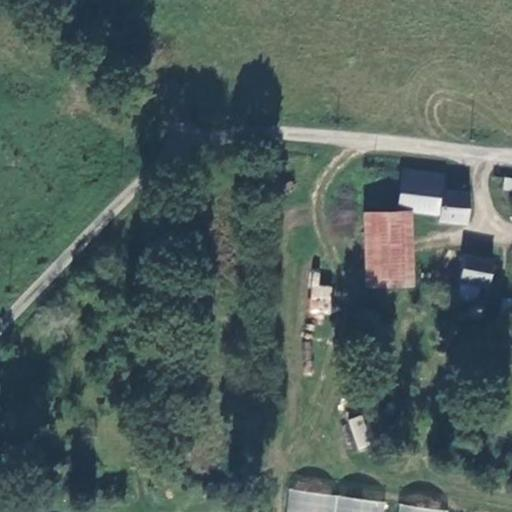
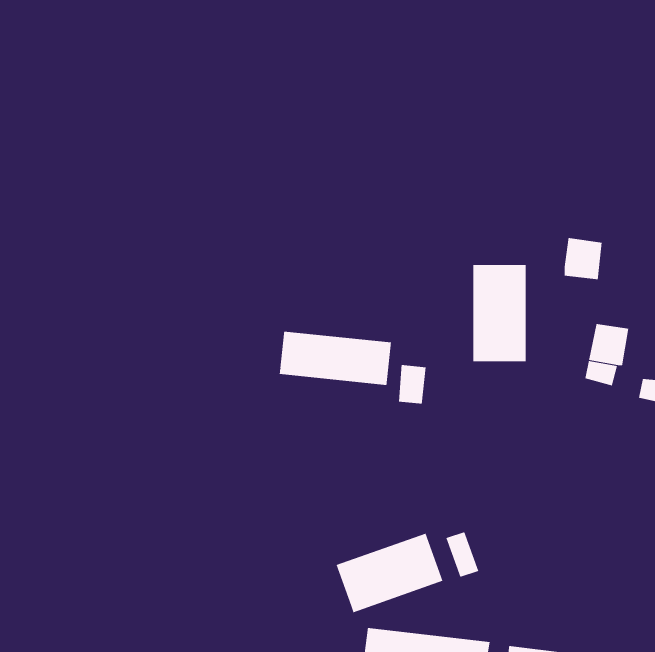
building: [405,169,445,211] -> none
building: none -> [279,331,391,386]
building: none -> [336,533,443,613]

